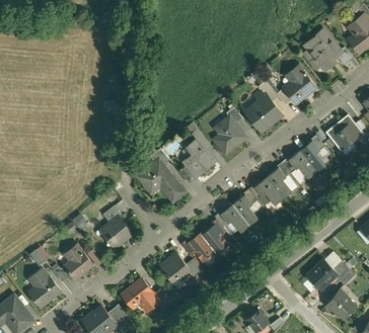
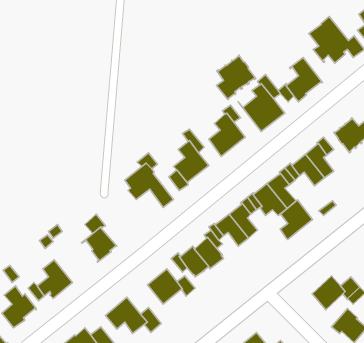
building: none -> [217,55,256,99]
building: none -> [280,200,312,239]

